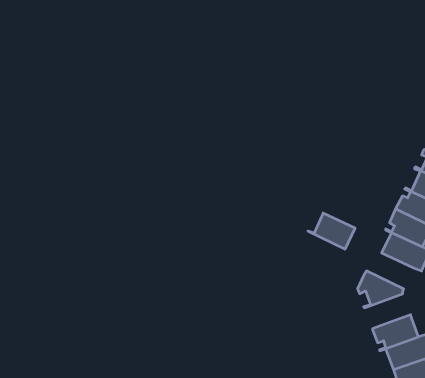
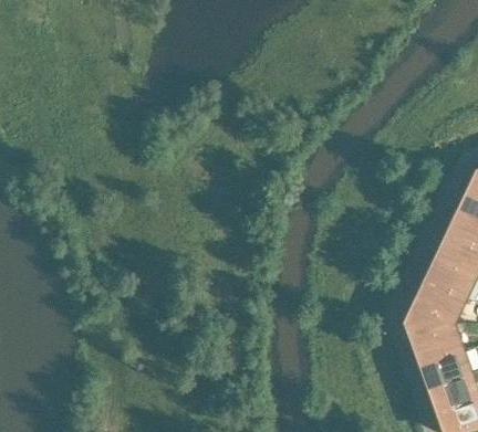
building: [308,213,355,249] -> [409,284,461,324]
building: none -> [407,329,458,366]

